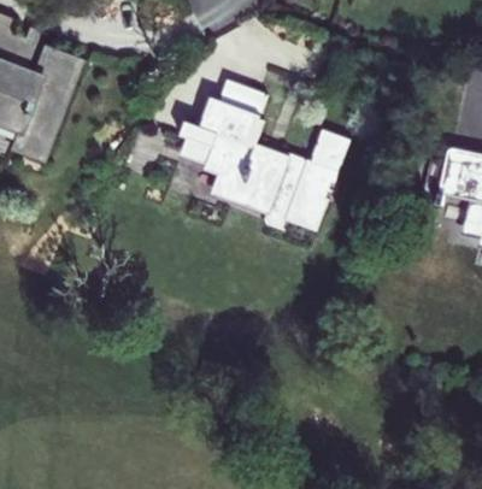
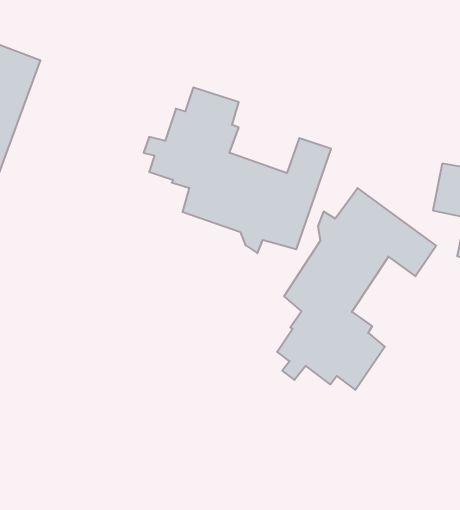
building: none -> [277,188,436,390]

